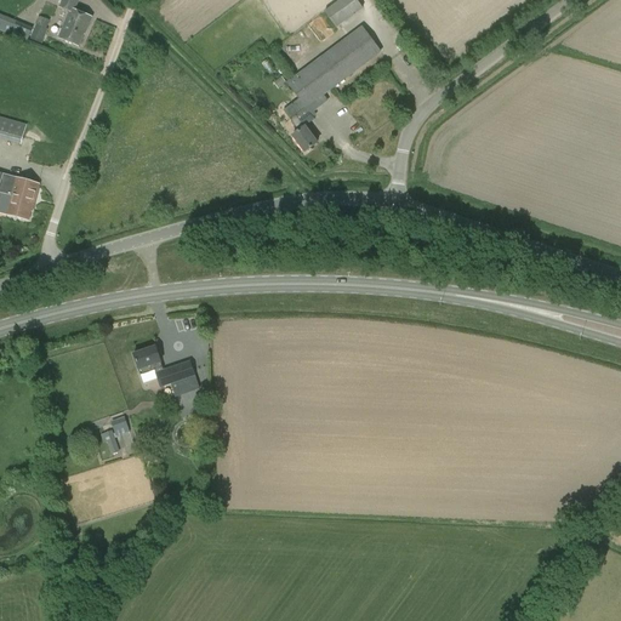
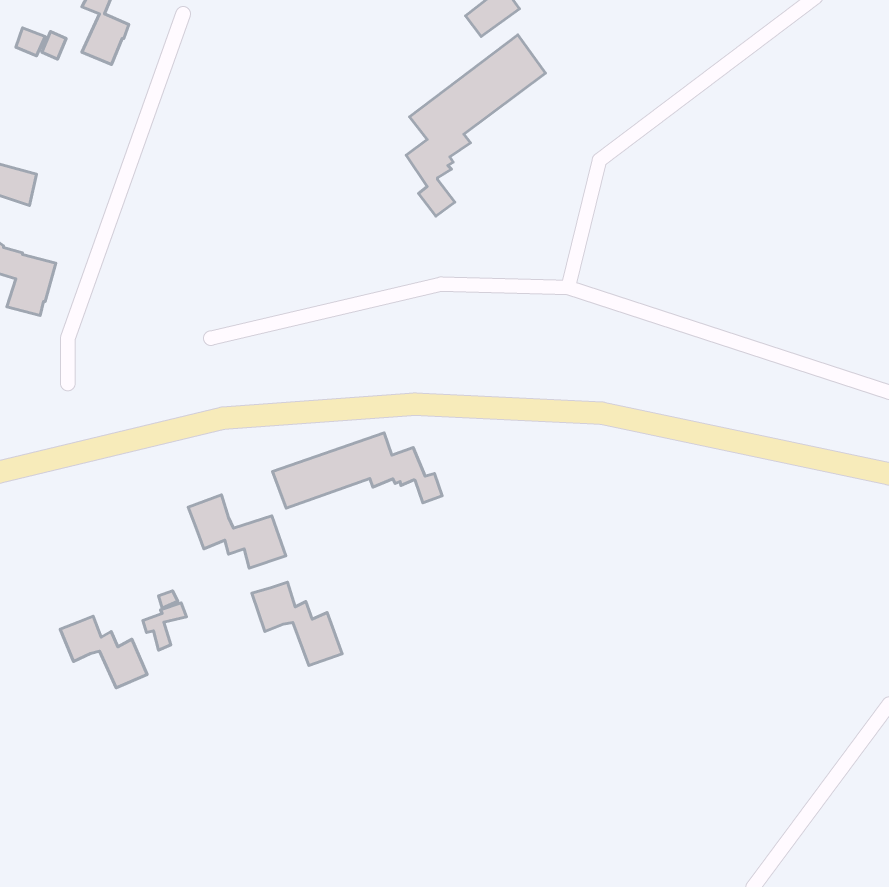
building: none -> [273,433,442,508]
building: none -> [252,582,342,666]
building: none -> [60,616,147,688]

